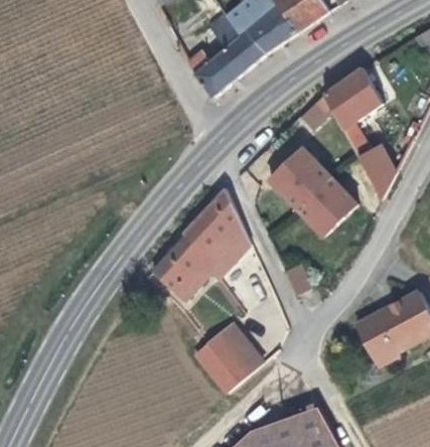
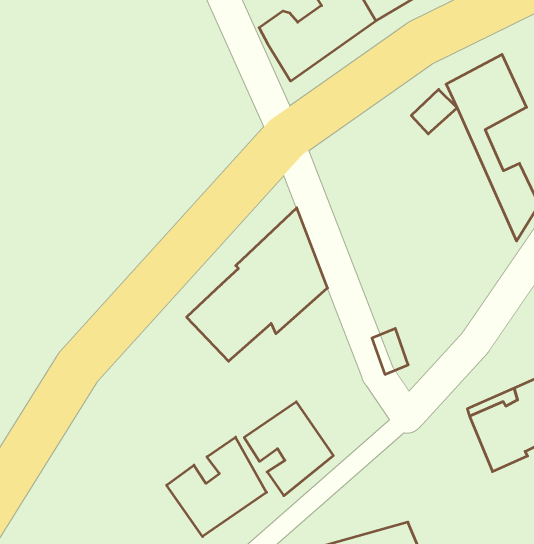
building: [270,149,357,238] -> none
building: none -> [167,437,267,537]

